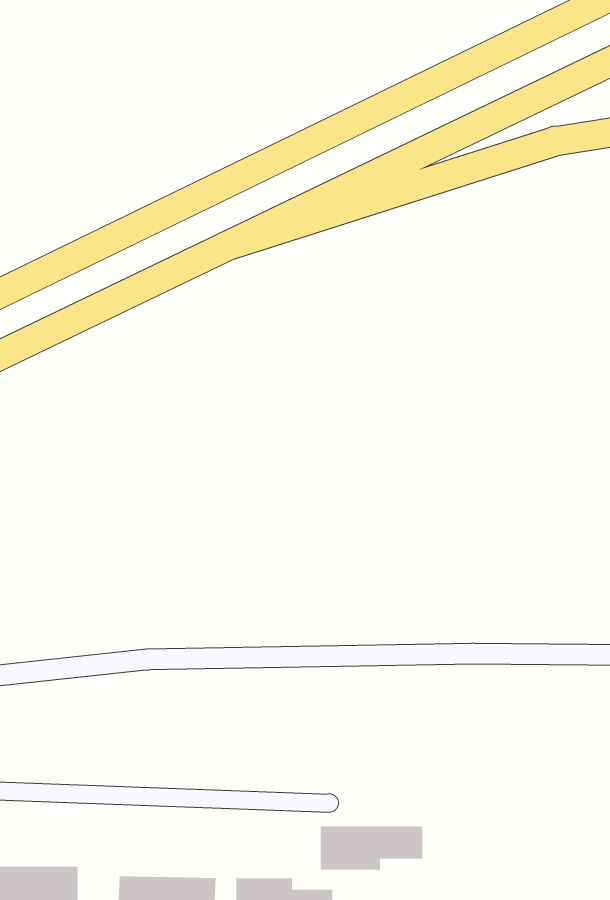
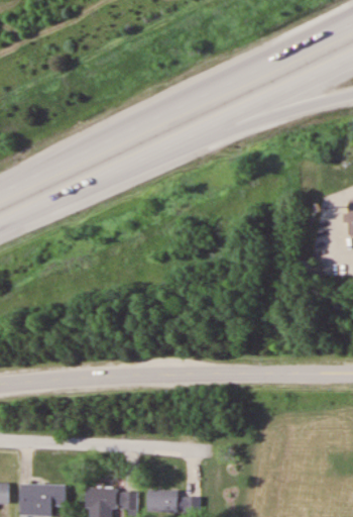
building: [320,826,423,871] -> none

